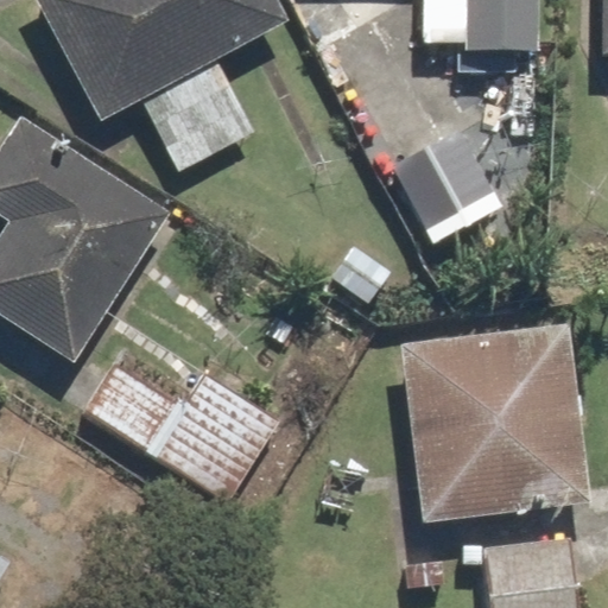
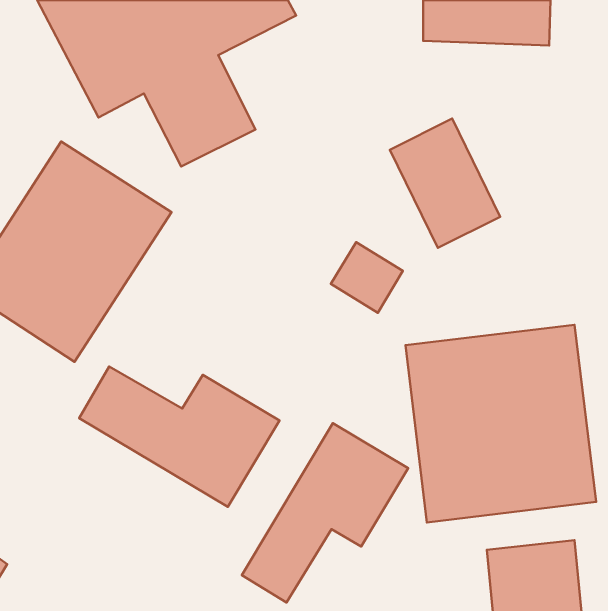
building: none -> [242,423,408,602]

